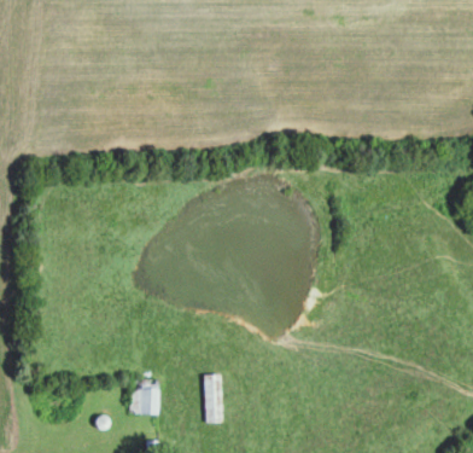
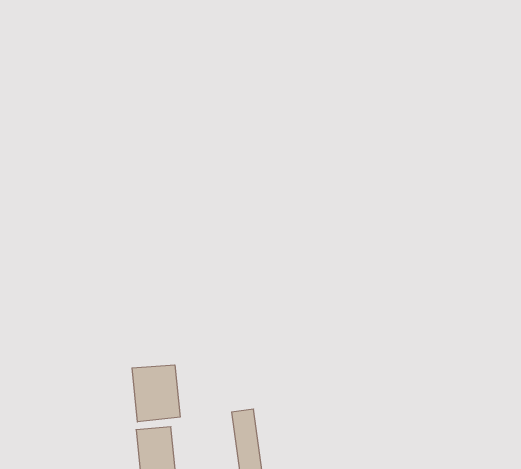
building: none -> [132,365,180,422]

